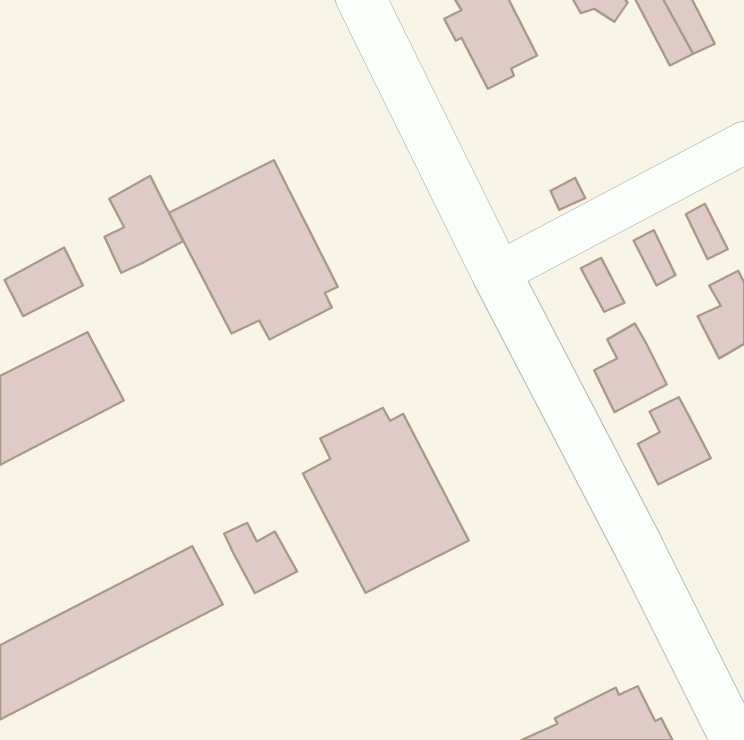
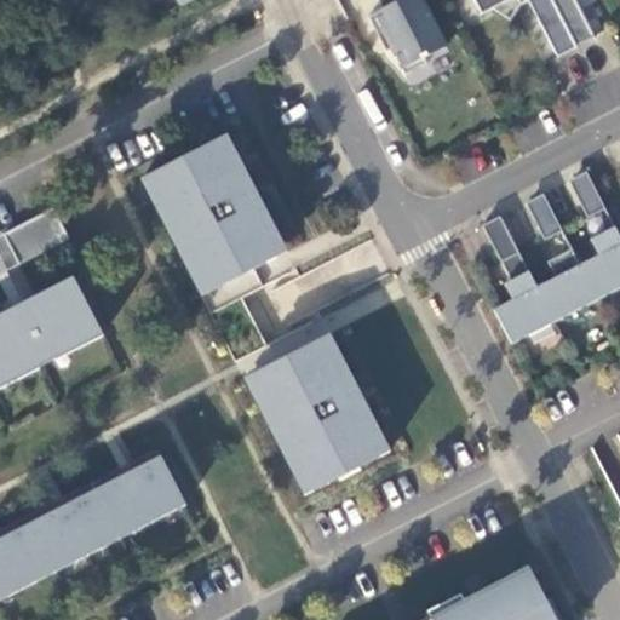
building: [105,176,183,273] -> none
building: [638,397,711,484] -> [538,247,598,320]
building: [224,523,297,593] -> none

